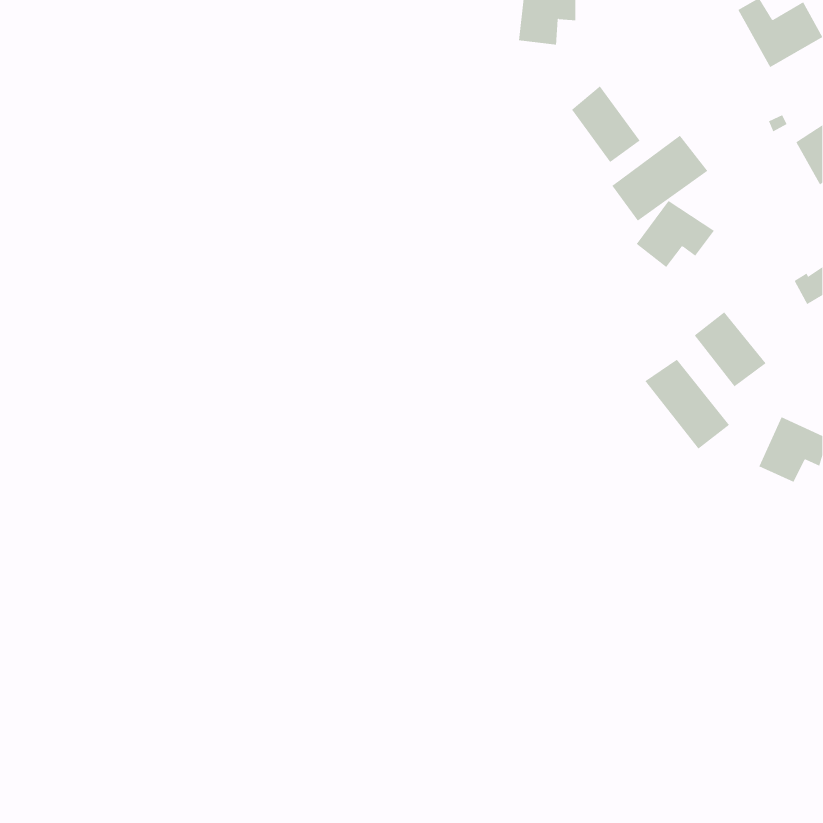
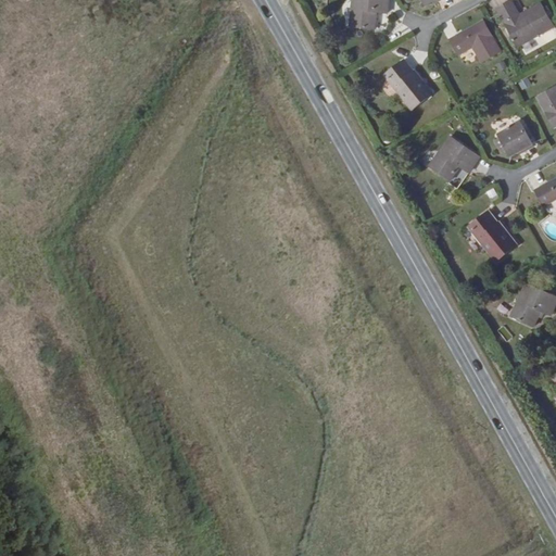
building: none -> [450,22,501,62]
building: [611,135,708,222] -> none
building: none -> [500,121,534,155]
building: [644,359,730,450] -> none

